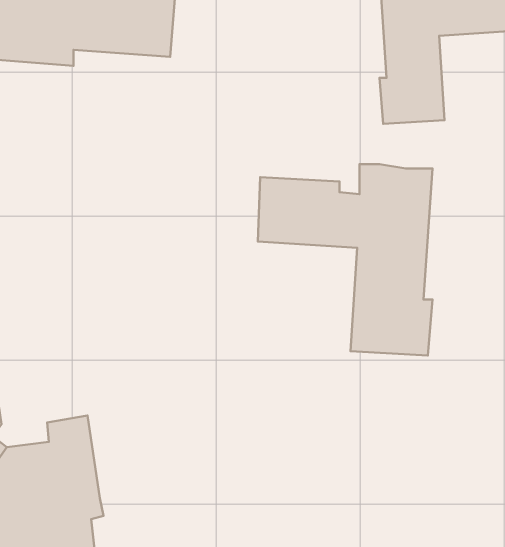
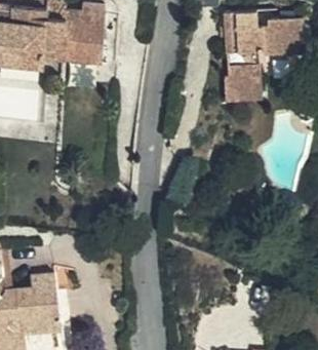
building: [258,164,432,355] -> none

